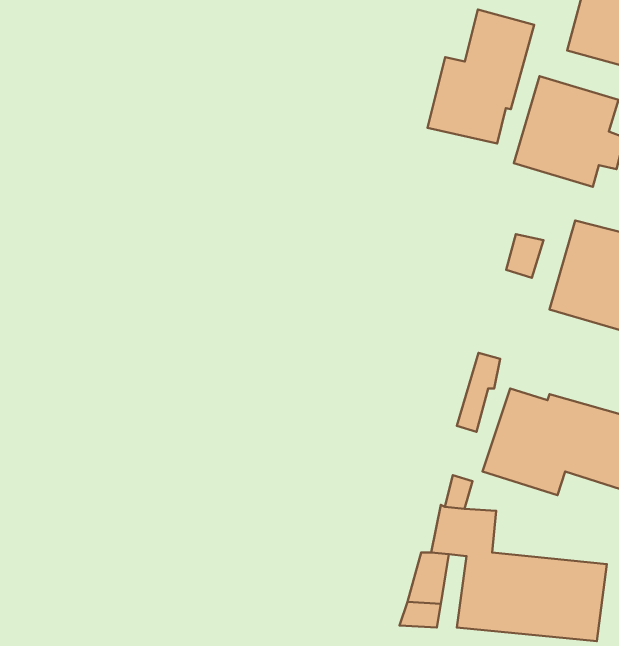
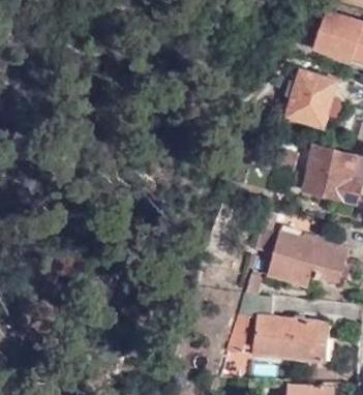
building: [428,9,534,143] -> none

